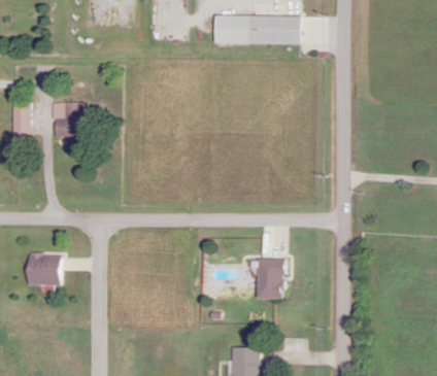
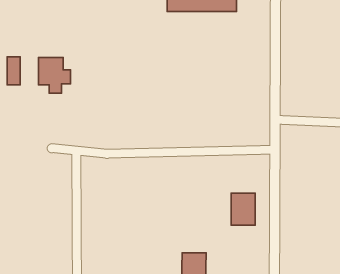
building: [24,253,60,285] -> none
building: [256,259,285,299] -> [231,193,255,225]

